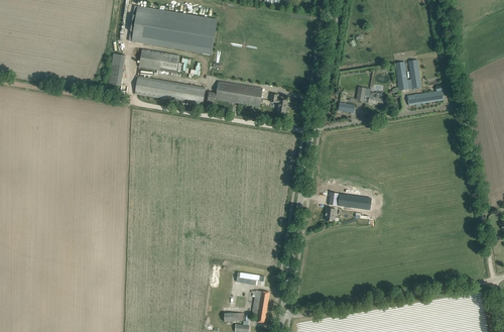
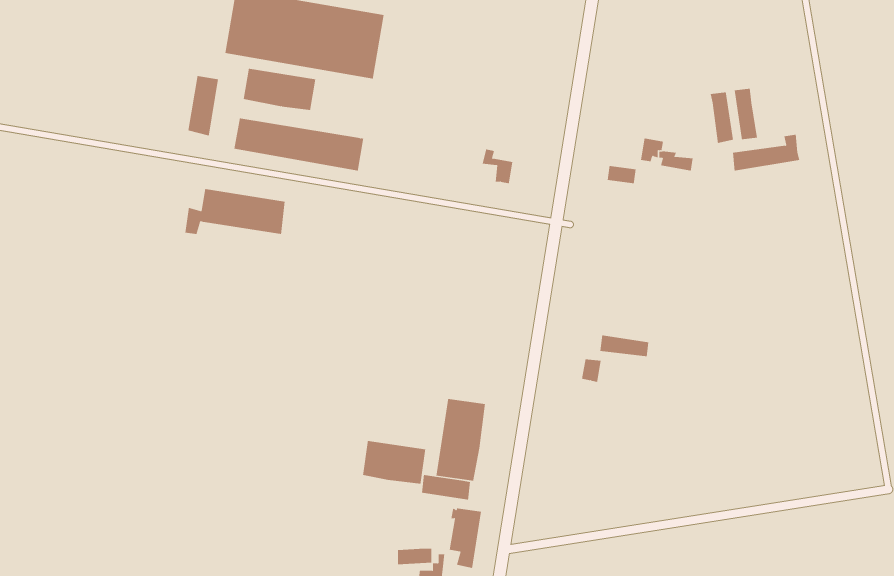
building: [207,81,262,106] -> [184,189,286,235]
building: none -> [436,398,485,481]
building: none -> [363,440,426,484]

